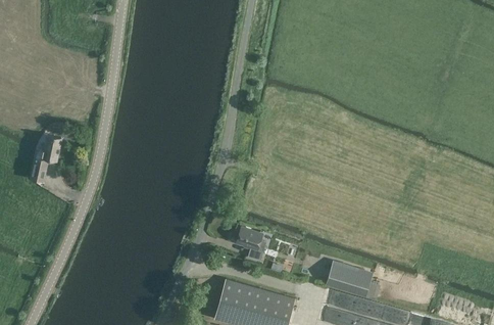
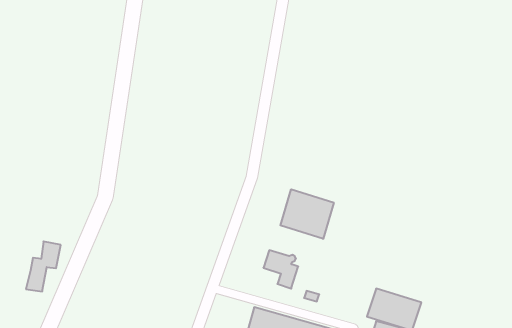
building: [32,134,62,178] -> [26,241,61,291]
building: none -> [280,189,334,239]

